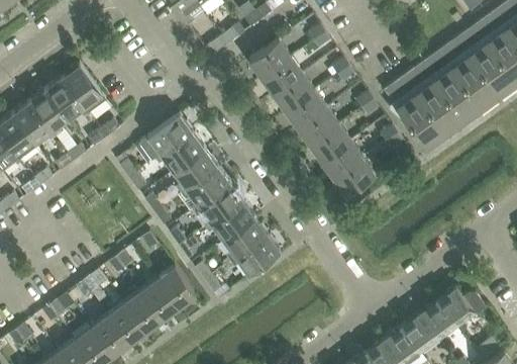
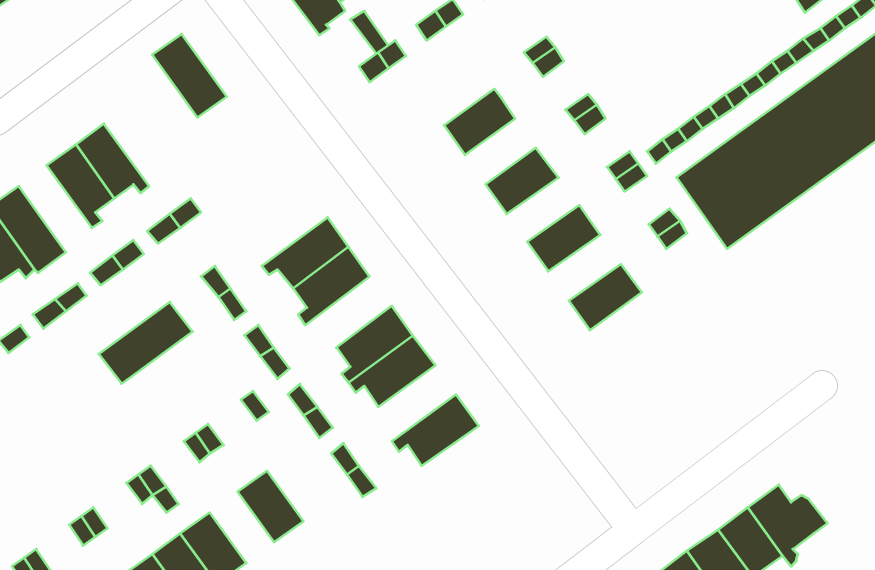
building: [248,38,290,76] -> none
building: [63,63,106,111] -> [152,34,227,117]
building: [273,72,314,110] -> none
building: [13,99,56,143] -> none
building: [297,106,339,144] -> none
building: [138,112,193,160] -> [99,302,193,384]
building: [321,140,364,178] -> none
building: [180,164,230,205] -> none
building: [222,215,268,260] -> none
building: [158,264,196,306] -> none
building: [124,289,162,331] -> none

